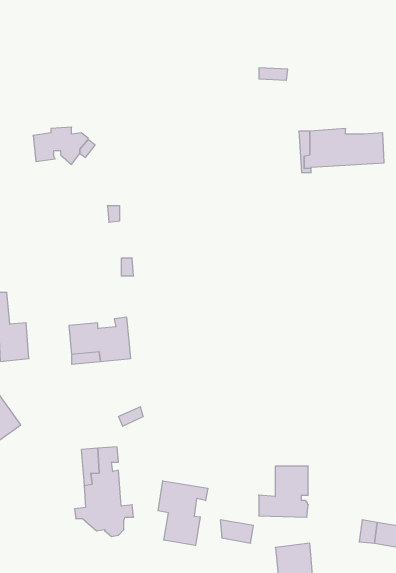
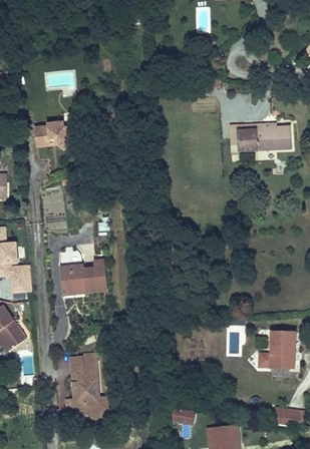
building: [259,466,308,517] -> [259,331,295,368]
building: [158,481,208,545] -> none

